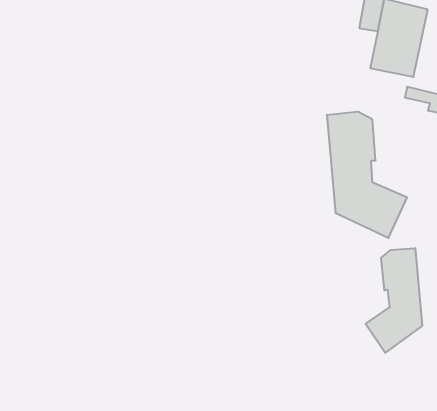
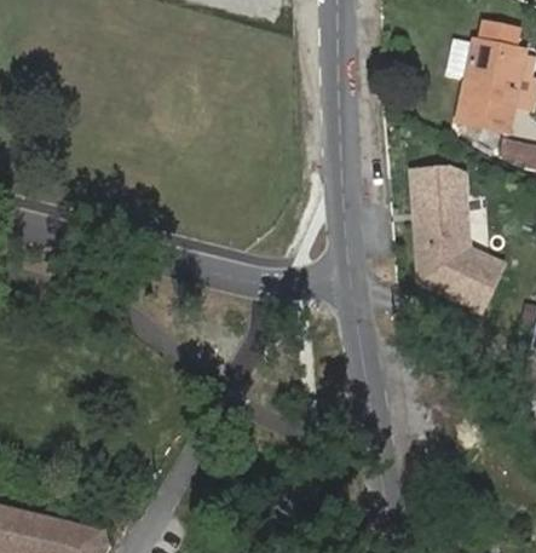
building: [366,248,422,353] -> none

